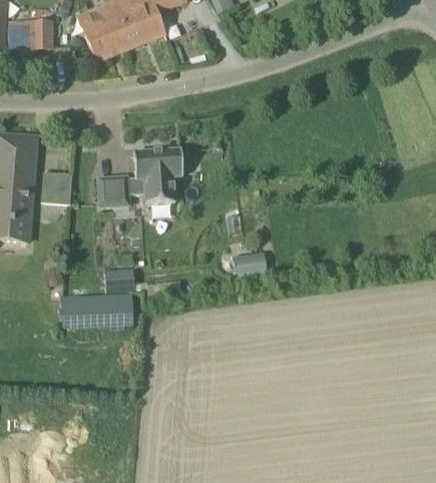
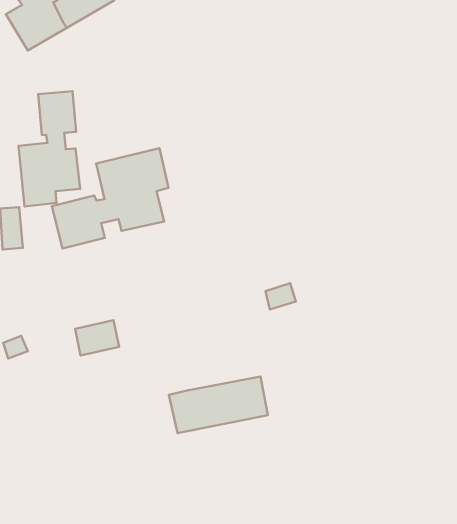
building: none -> [19,91,80,207]
building: [62,294,132,326] -> [169,376,268,433]

